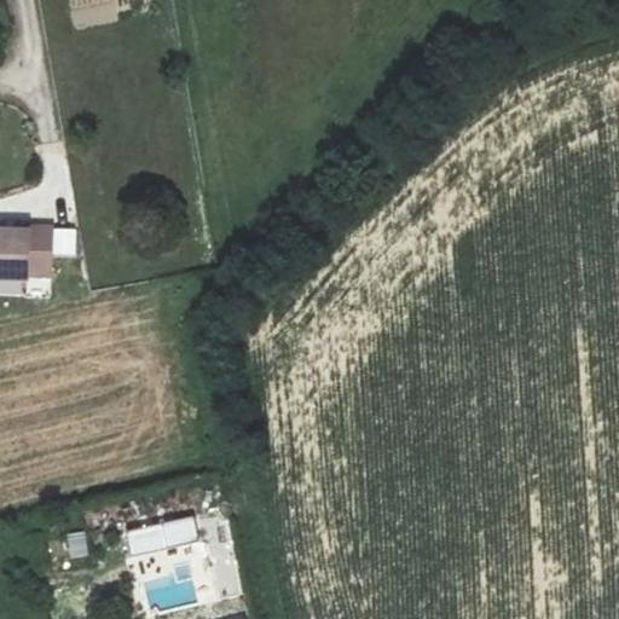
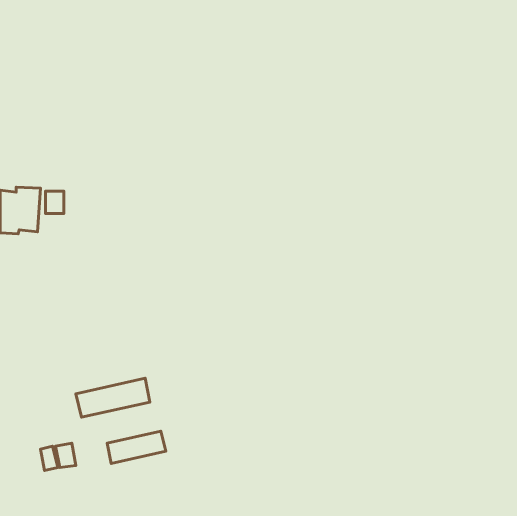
building: none -> [76,378,150,417]

